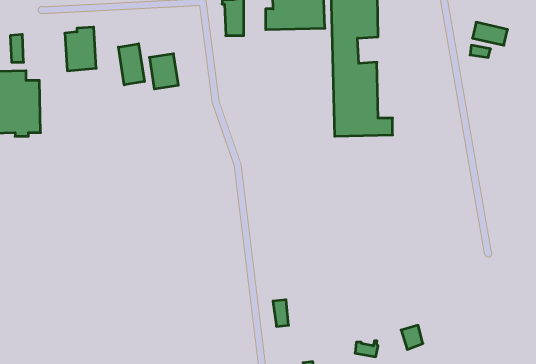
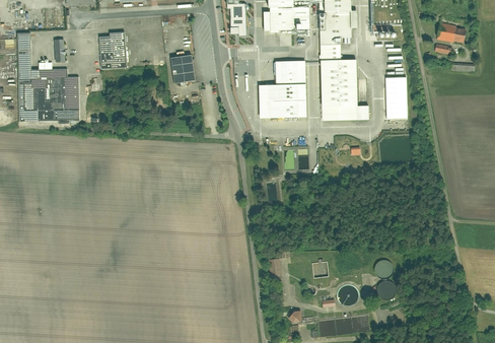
building: [118,44,144,85] -> none
building: none -> [260,60,308,118]
building: none -> [387,76,409,118]

